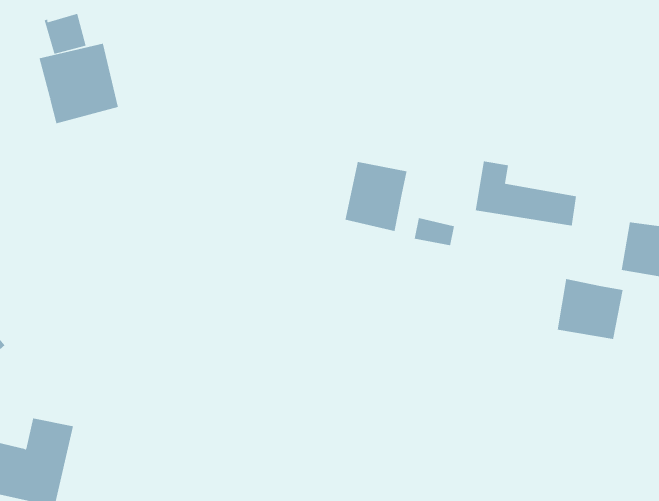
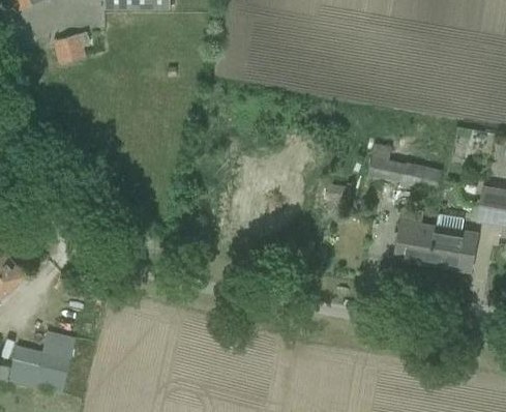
building: [39,43,119,124] -> none
building: [345,161,407,232] -> none
building: none -> [393,209,434,265]

